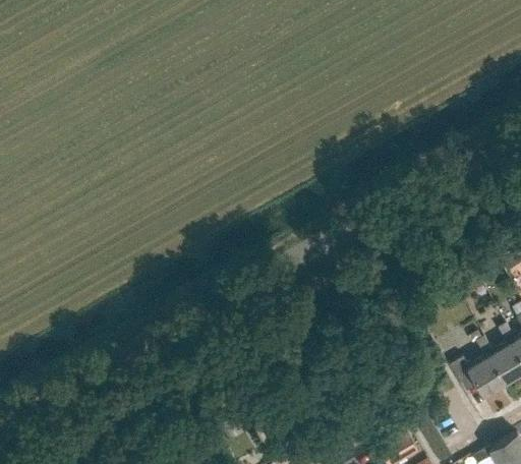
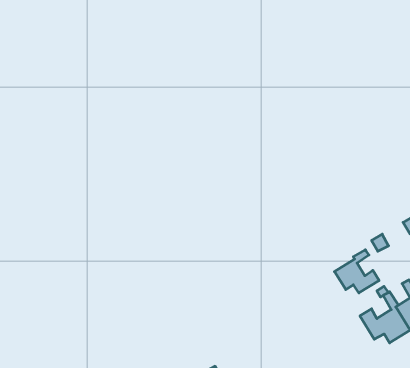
building: none -> [334,250,379,293]

